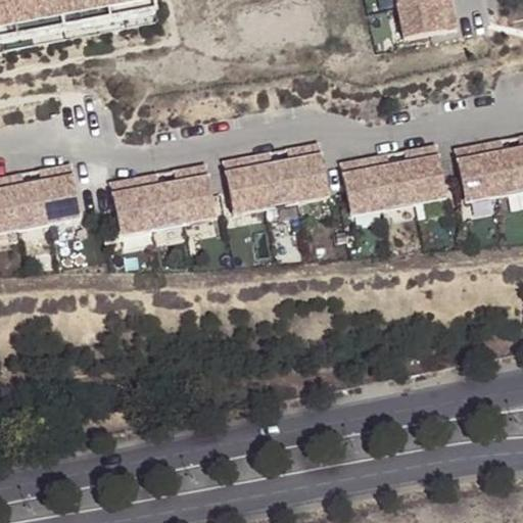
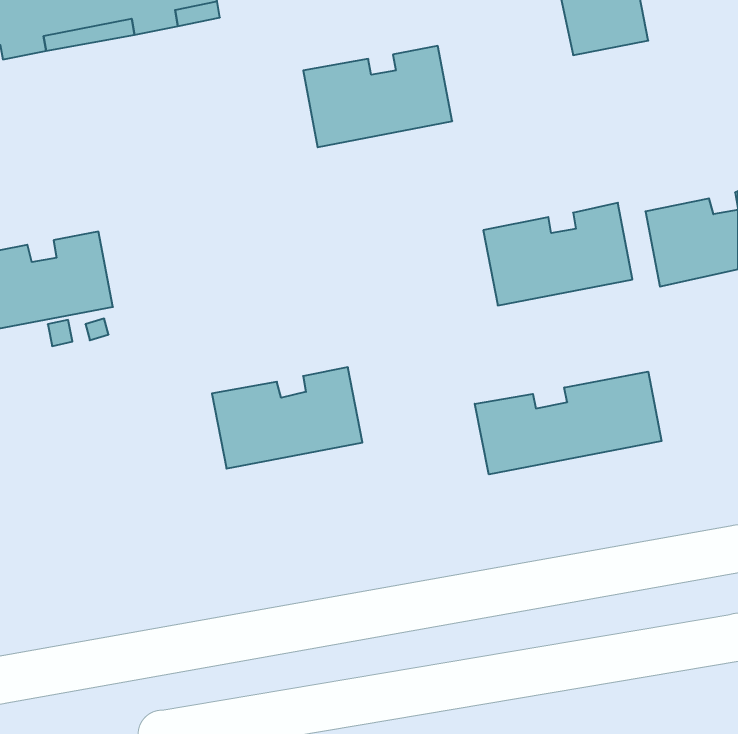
building: [223,143,328,215] -> [303,46,452,147]
building: [109,164,216,236] -> [212,367,362,469]
building: none -> [475,372,662,474]

